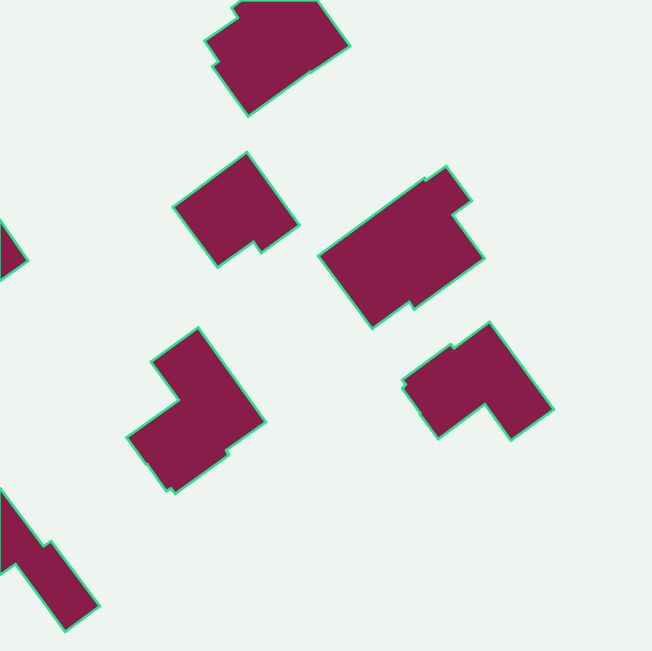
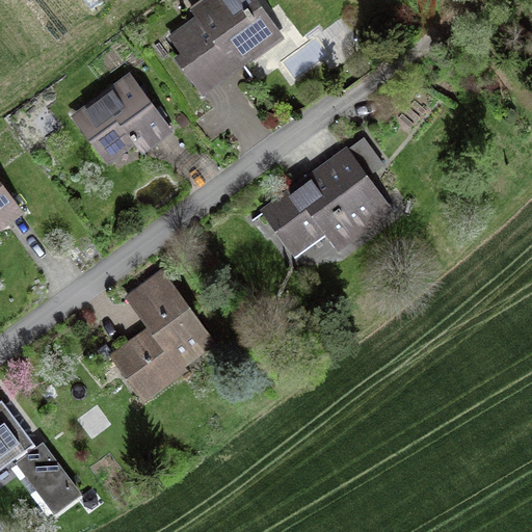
building: [173,152,299,267] -> [69,73,171,166]
building: [402,322,554,440] -> none

